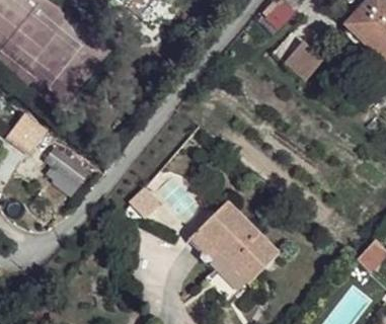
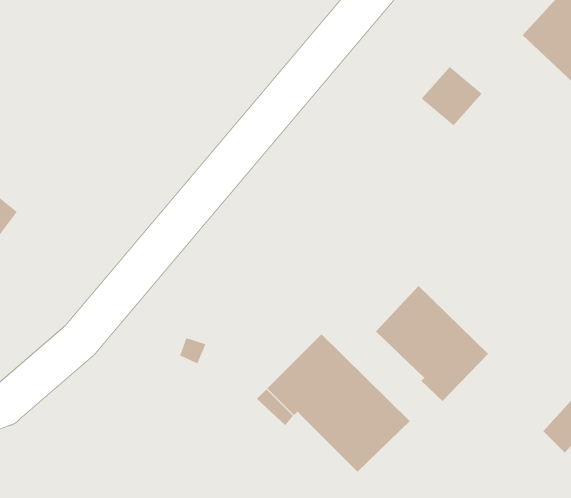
building: [46,146,87,193] -> none
building: none -> [375,285,489,402]

